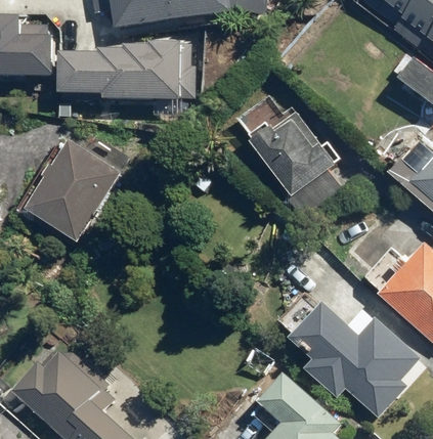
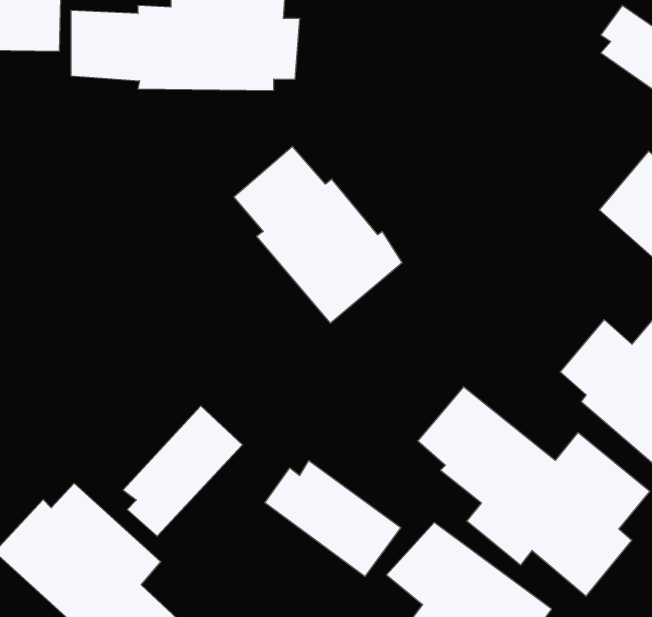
building: [232,87,338,197] -> [234,146,402,323]
building: [25,140,123,244] -> none
building: none -> [123,406,243,536]
building: none -> [265,460,401,576]

